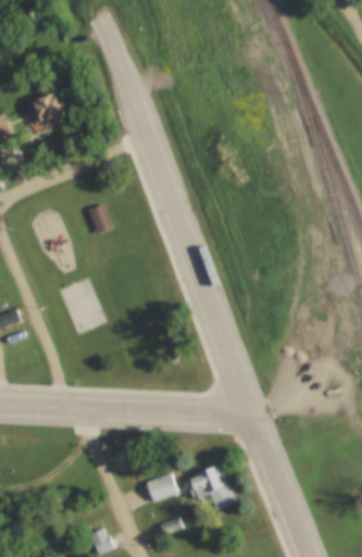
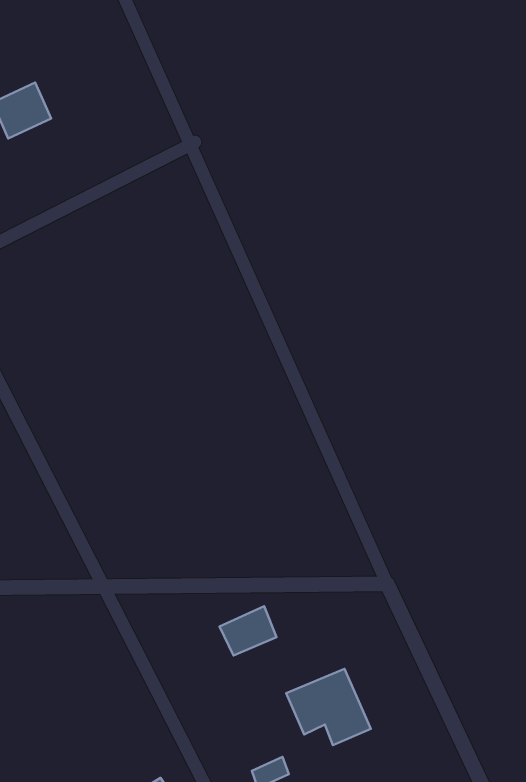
building: [88,202,115,234] -> none
building: [146,472,180,502] -> [220,606,277,656]

